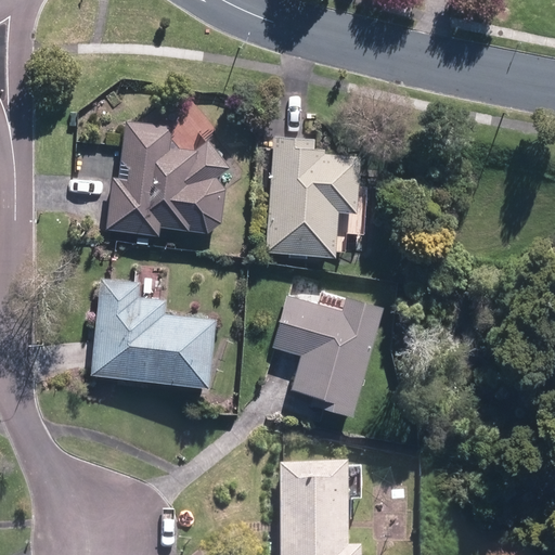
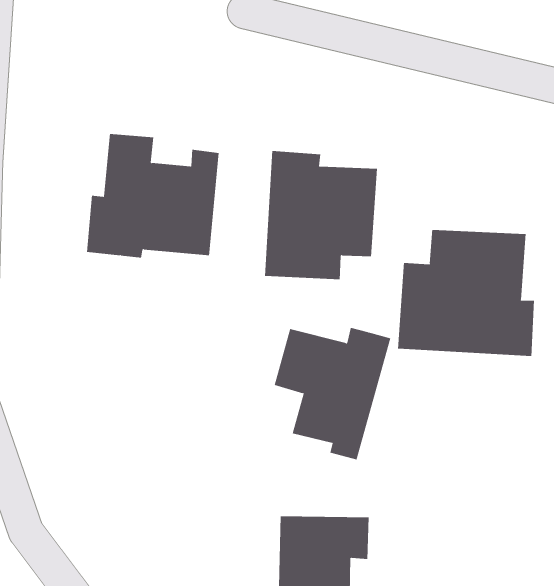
building: none -> [398,229,534,357]
building: [92,278,210,387] -> none

